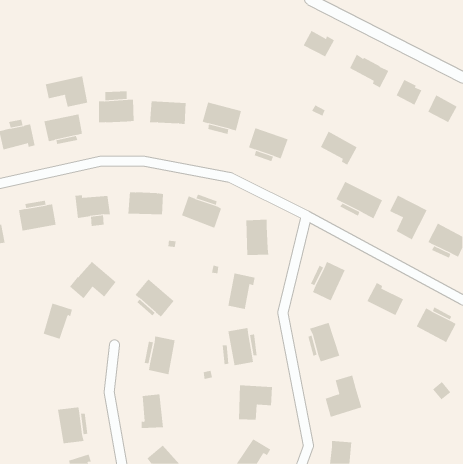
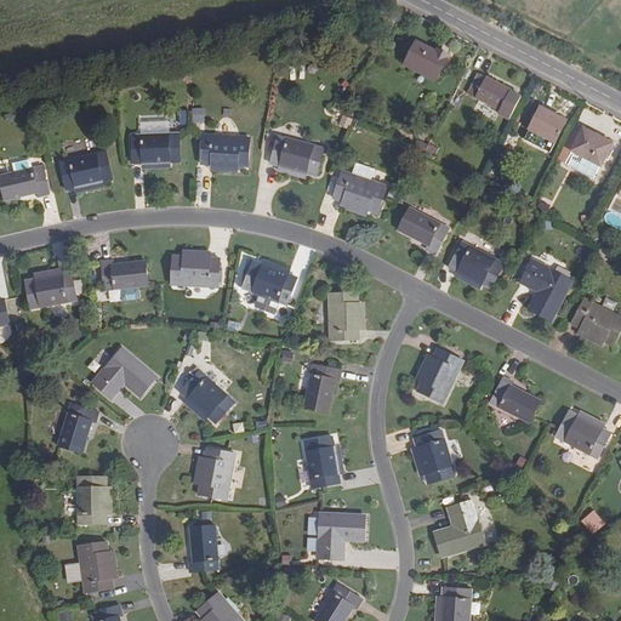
building: [45,76,88,108] -> none
building: [320,131,357,165] -> [397,206,446,252]
building: none -> [76,477,106,524]

